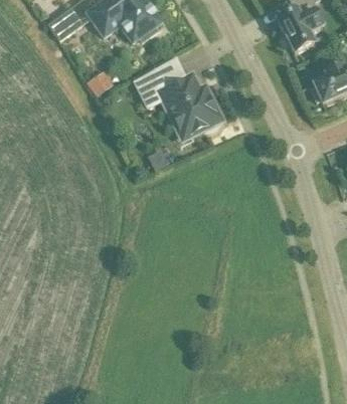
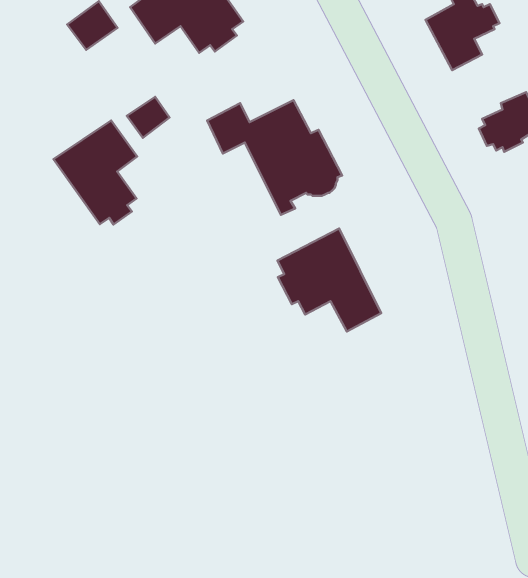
building: none -> [53,120,137,224]
building: none -> [277,229,381,332]

